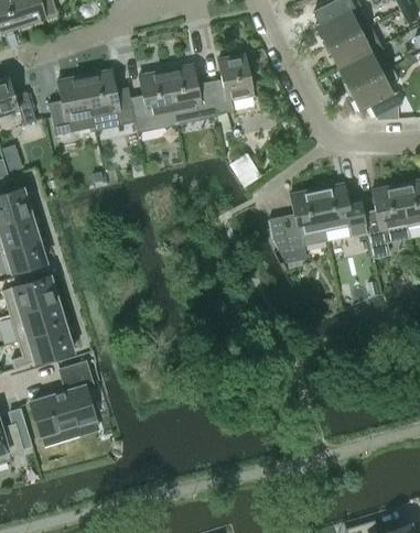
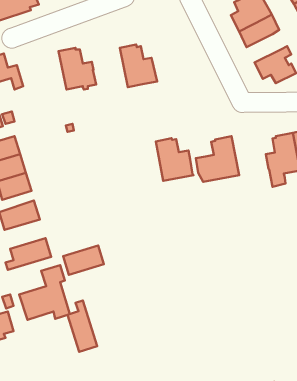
building: [337,45,392,89] -> none
building: [209,53,256,115] -> none
building: [130,69,177,131] -> none
building: [49,74,95,134] -> none
building: [317,184,368,241] -> [156,138,193,181]
building: [11,301,66,340] -> [63,245,104,275]
building: none -> [67,301,97,352]

